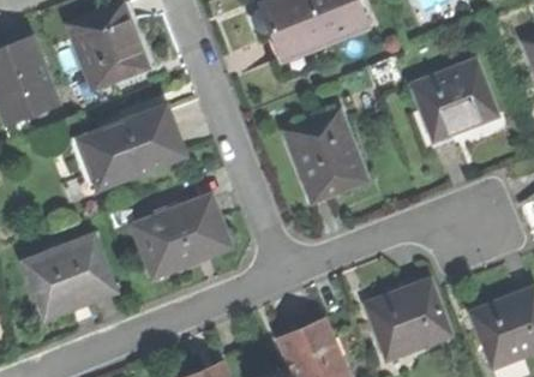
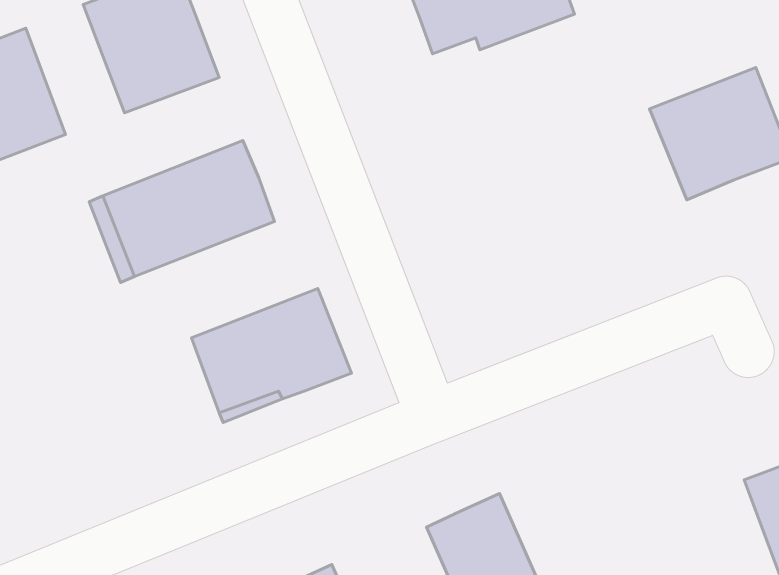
building: [284,108,368,202] -> none
building: [23,234,115,317] -> none
building: [366,280,451,361] -> none

